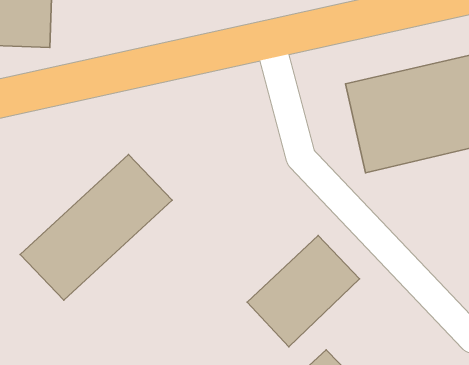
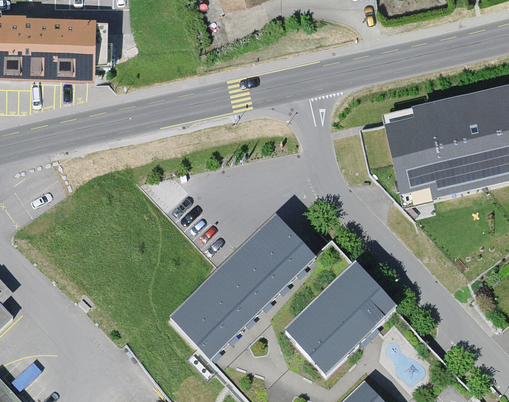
building: [20,154,172,300] -> [168,216,318,360]

